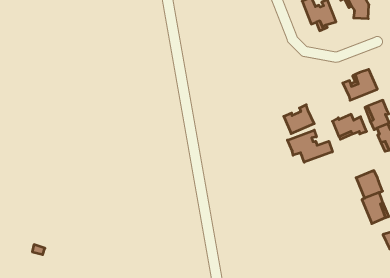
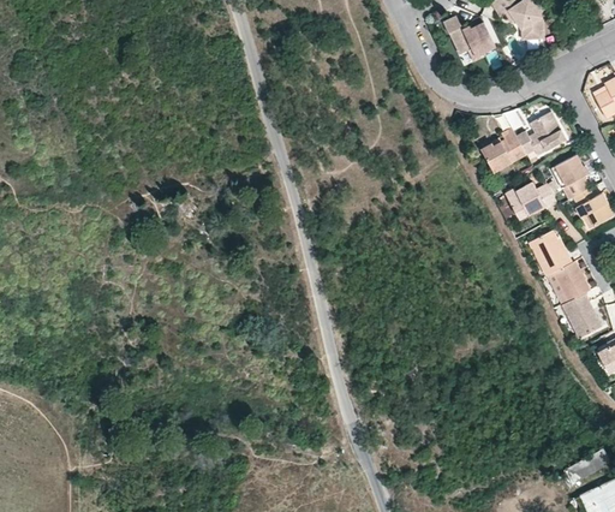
building: [284,105,314,134] -> [480,127,526,172]
building: [287,130,332,162] -> none
building: none -> [527,228,572,275]

